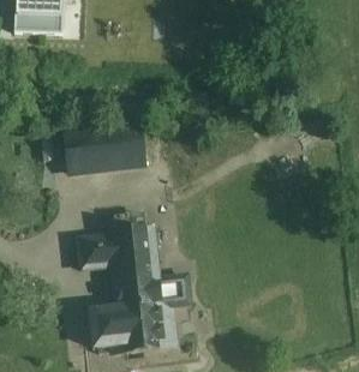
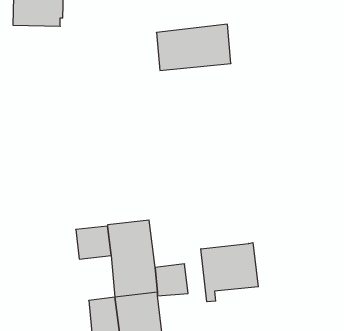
building: [67,127,143,174] -> [156,24,231,70]
building: none -> [201,243,258,302]

